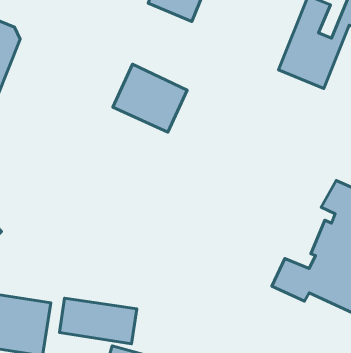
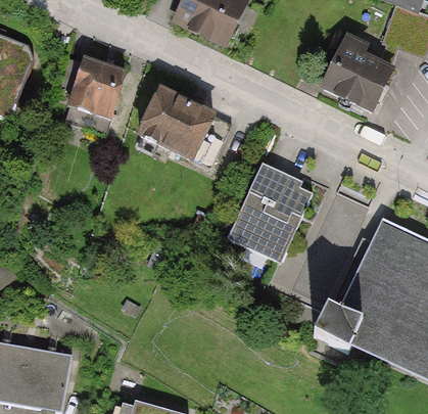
building: none -> [67,63,125,123]
building: none -> [228,165,311,263]
building: [59,298,137,344] -> none

